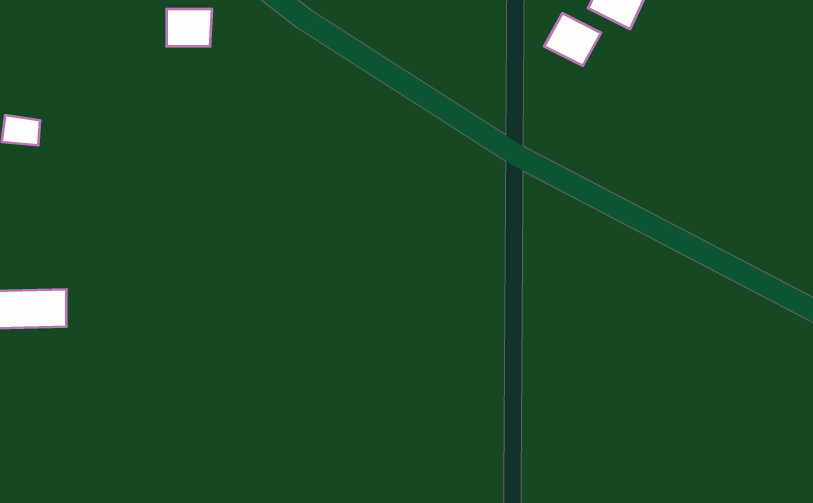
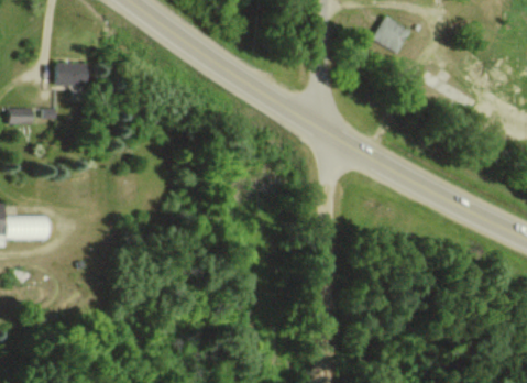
building: [166,9,212,46] -> [54,62,83,85]
building: [544,13,601,66] -> none

